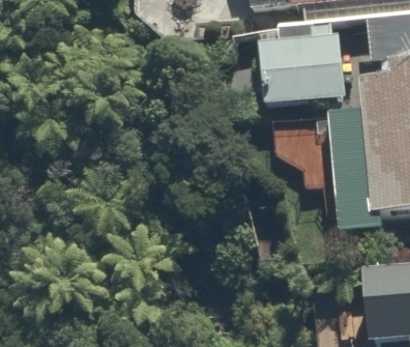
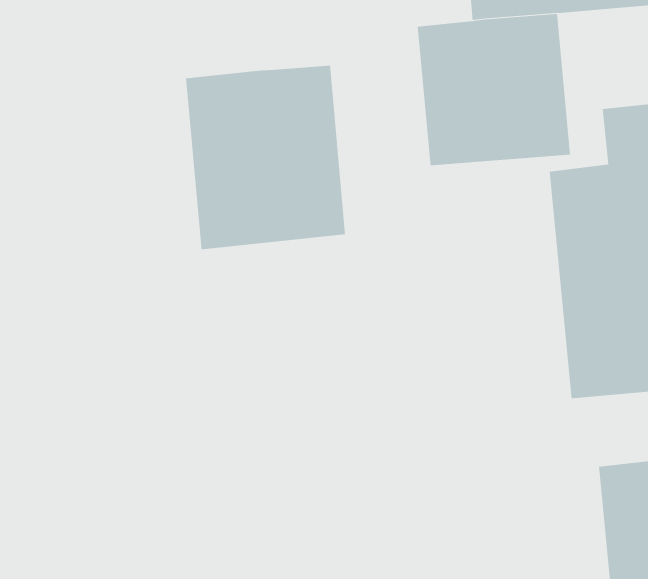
building: none -> [186,65,346,250]

